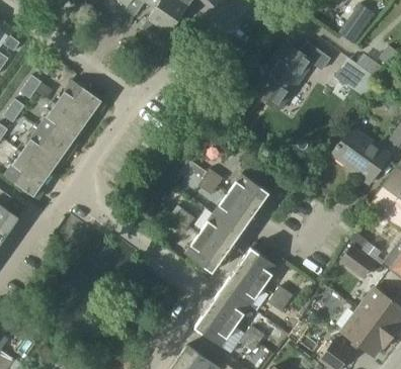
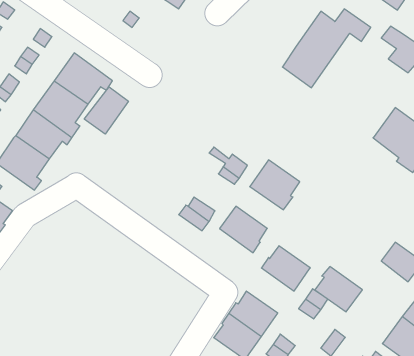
building: none -> [84,87,128,134]
building: [213,196,254,233] -> none
building: [184,233,228,273] -> none
building: [222,267,263,306] -> [315,267,362,312]

